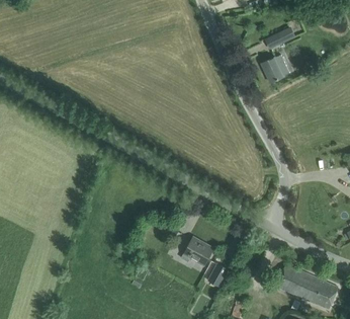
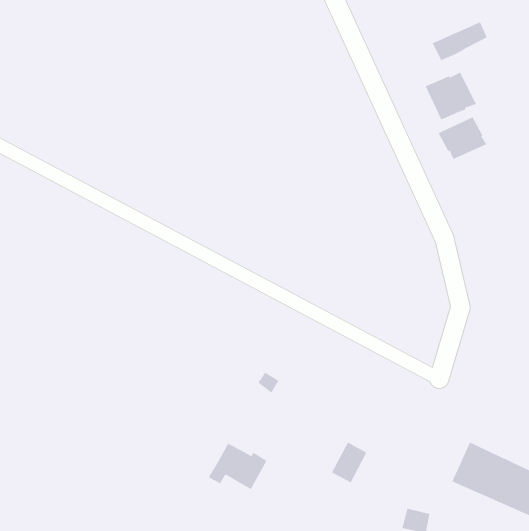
building: none -> [438,116,487,160]
building: [181,238,214,264] -> [208,443,267,490]

